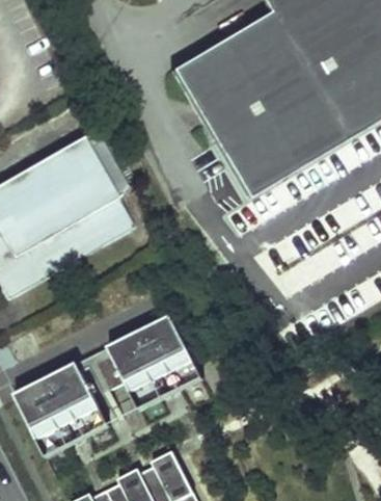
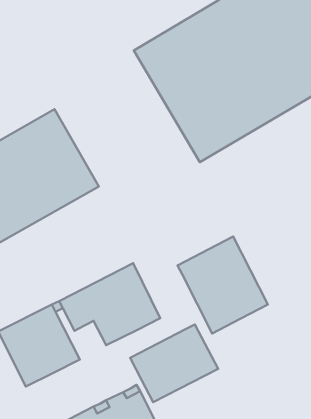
building: none -> [177,236,268,333]
building: none -> [130,325,218,402]

